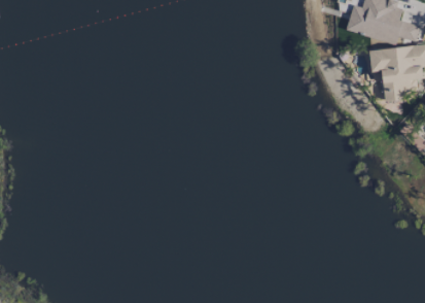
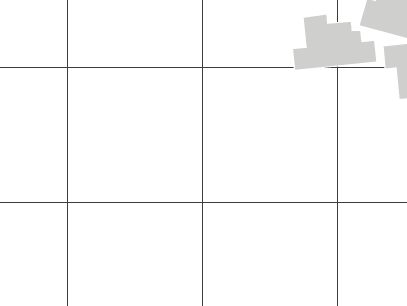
building: none -> [292,14,377,70]

